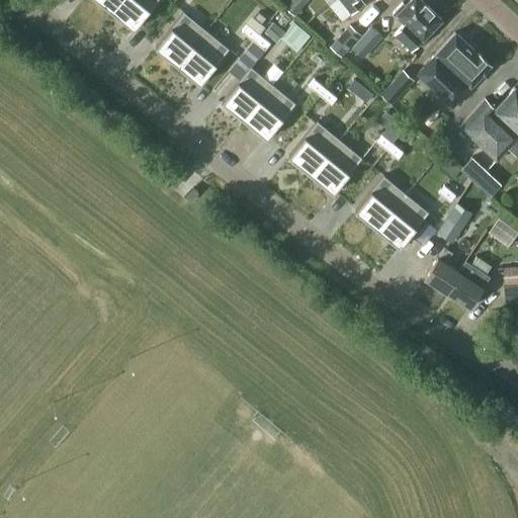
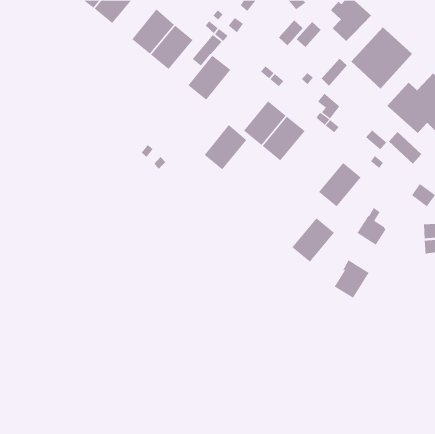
building: [246,85,297,140] -> [204,124,247,170]
building: [356,176,408,230] -> [291,217,335,263]
building: [438,203,471,243] -> none
building: [447,261,490,308] -> [334,259,370,299]

